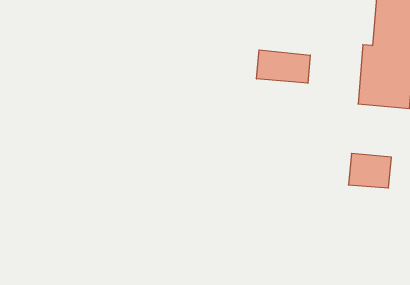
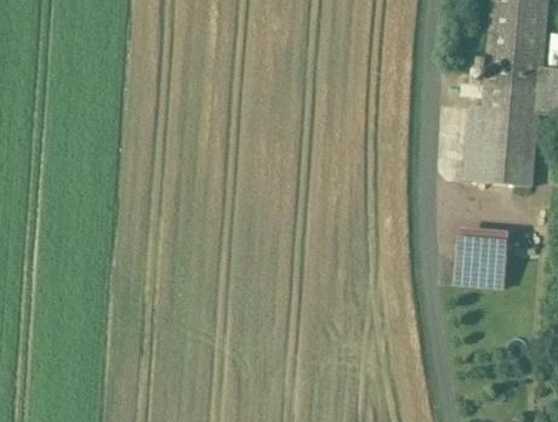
building: [257,50,310,83] -> none

